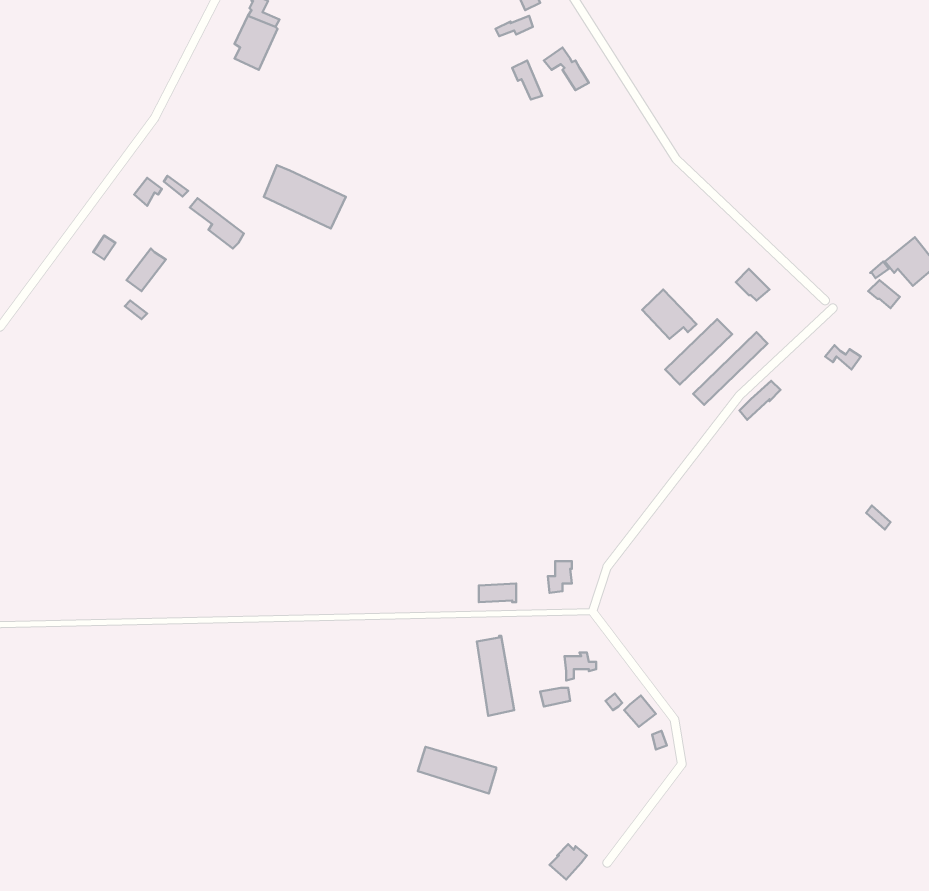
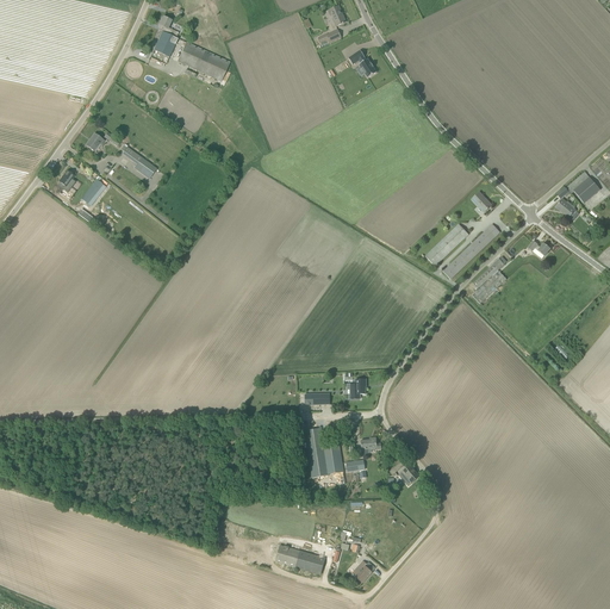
building: [264,165,346,228] -> [178,42,230,82]
building: [642,289,697,339] -> none
building: [418,747,496,793] -> [275,545,325,574]

